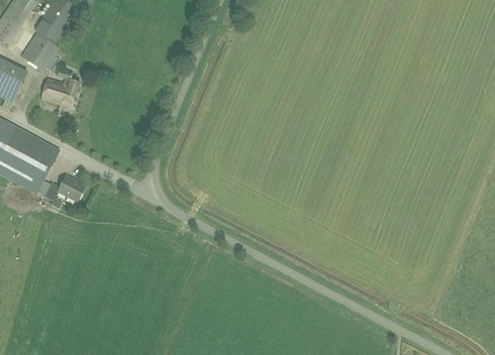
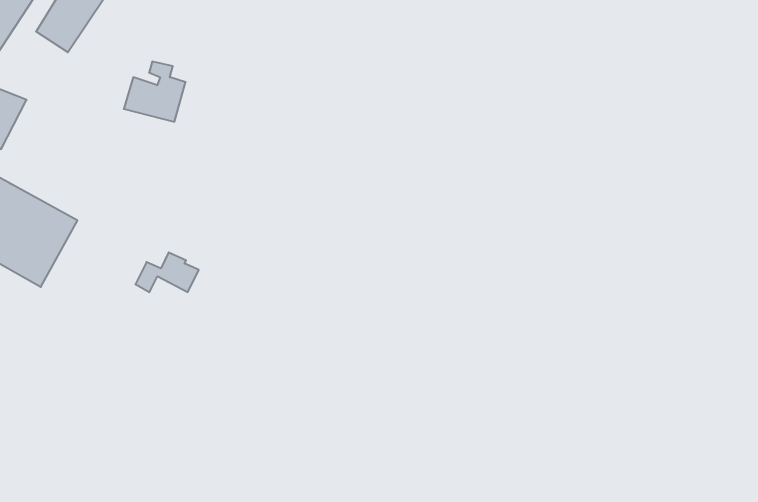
building: [21,31,58,70] -> none
building: [40,68,80,106] -> [124,61,186,122]
building: [43,174,84,200] -> [135,252,199,292]

